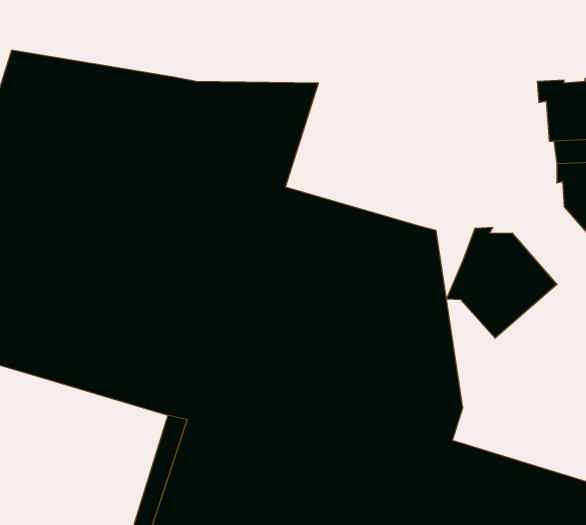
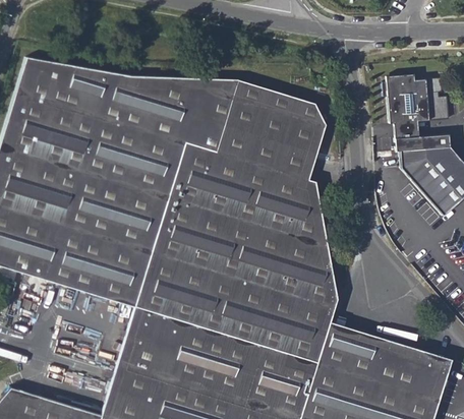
building: none -> [216,80,325,178]
building: [446,227,557,338] -> none

